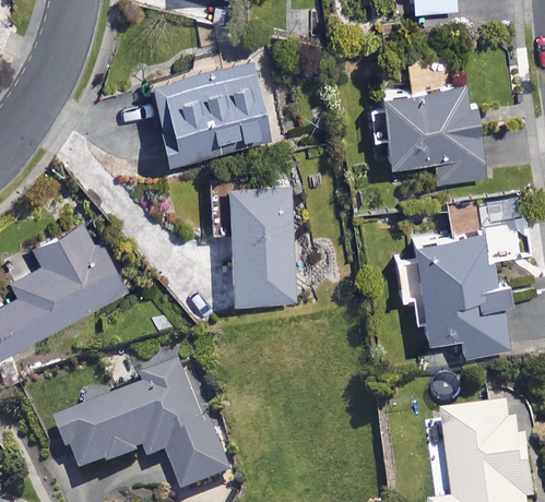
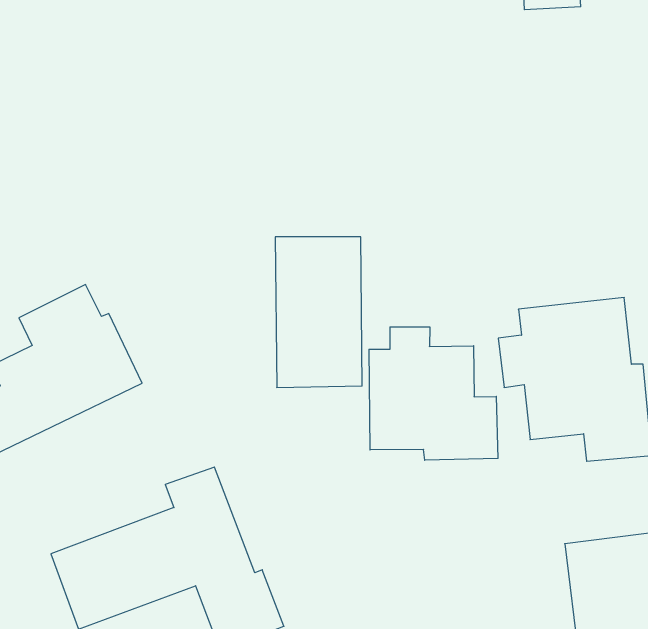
building: [151,65,269,160] -> none
building: [376,81,481,186] -> none
building: none -> [369,327,498,460]

